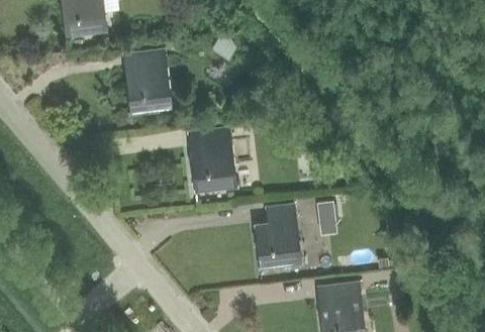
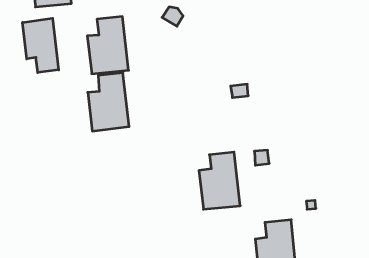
building: none -> [23,18,59,73]
building: [189,125,236,192] -> [88,73,129,131]

